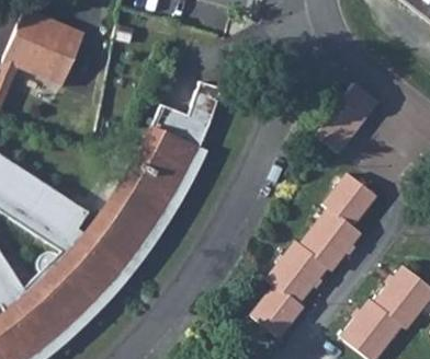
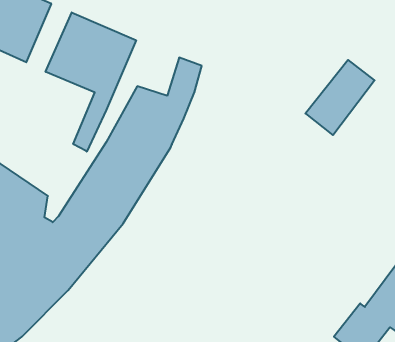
building: none -> [46,12,136,152]
building: [252,174,376,337] -> none

